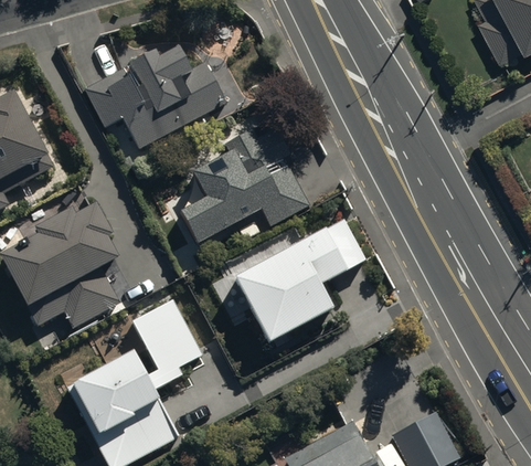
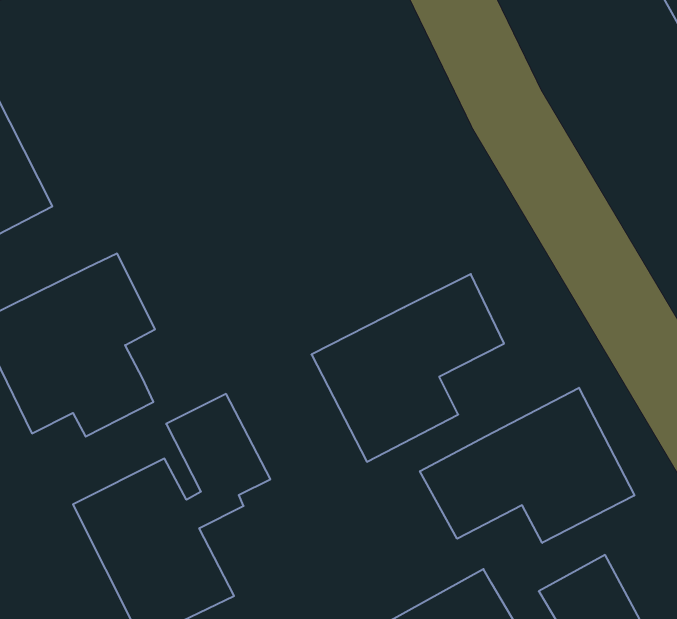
building: [85,36,227,151] -> none
building: [178,123,309,245] -> none
building: none -> [420,388,634,543]

